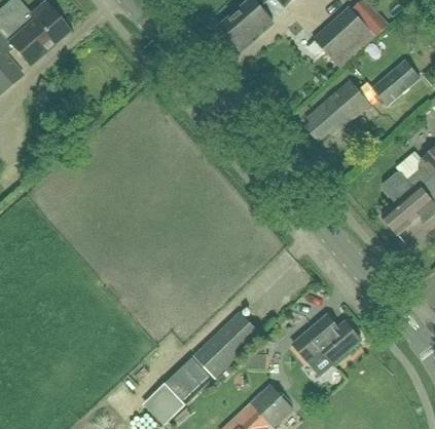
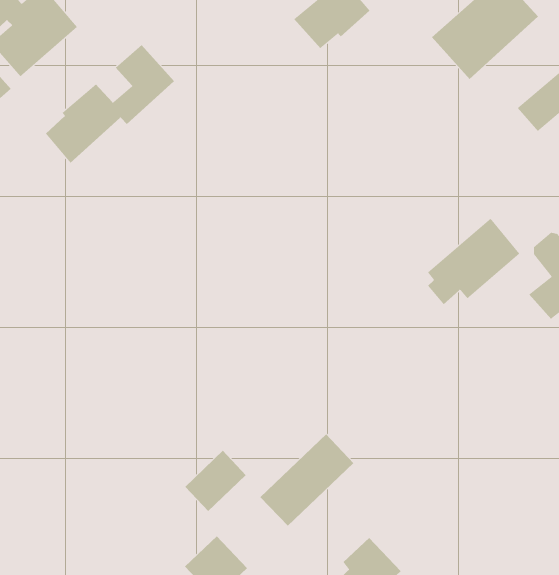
building: none -> [45,44,175,163]
building: [306,79,371,140] -> [427,218,520,305]
building: [293,314,361,373] -> none
building: [166,358,209,401] -> [184,450,246,512]

